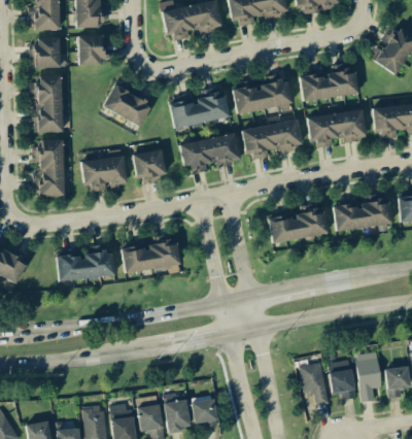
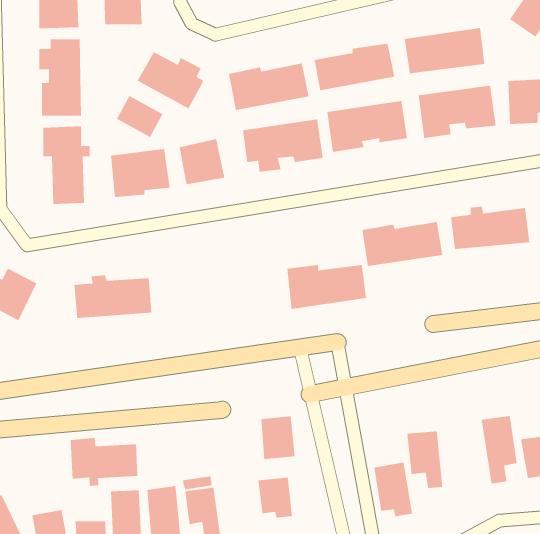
building: none -> [116,95,163,138]
building: [122,240,180,273] -> [287,264,367,309]
building: [328,360,356,400] -> [373,462,413,517]
building: none -> [70,437,138,487]
building: [165,400,191,432] -> [261,416,296,459]

